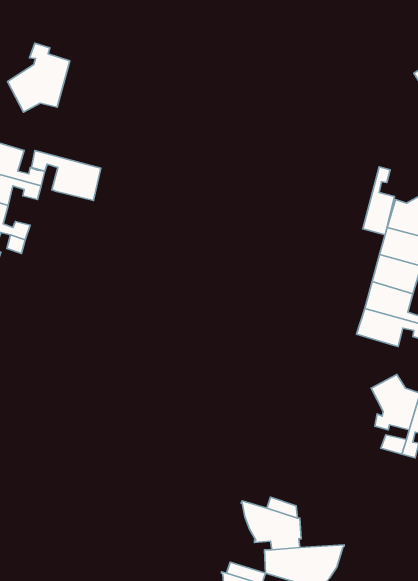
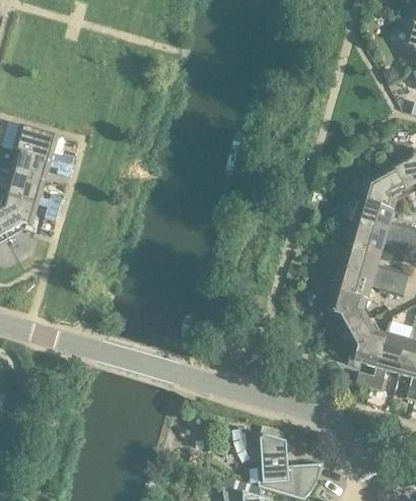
building: [7,43,70,112] -> none
building: [32,150,101,200] -> none
building: [363,167,394,235] -> none
building: none -> [322,288,367,332]

